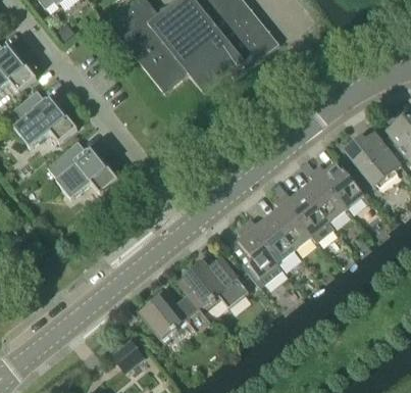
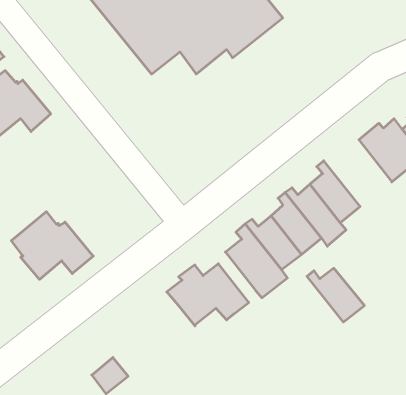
building: [47,140,118,199] -> [11,212,93,279]
building: [314,161,364,208] -> [307,268,364,322]
building: [140,290,210,343] -> none

